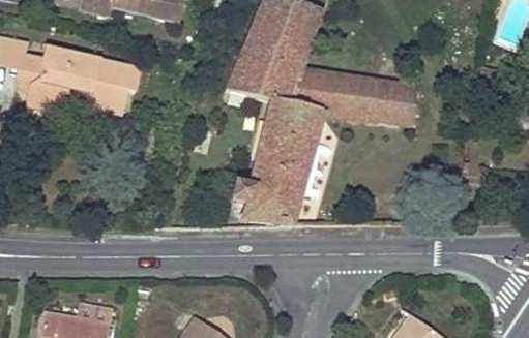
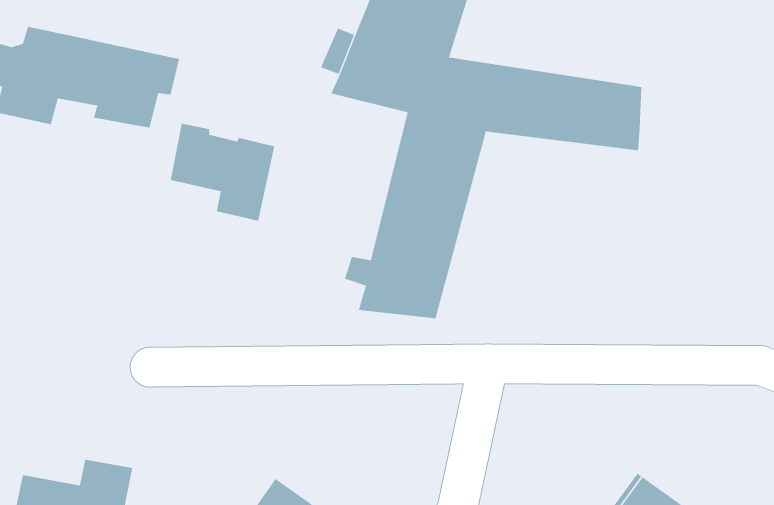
building: none -> [170,123,275,221]

